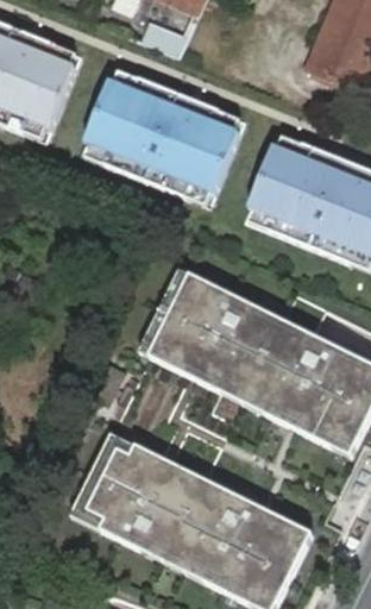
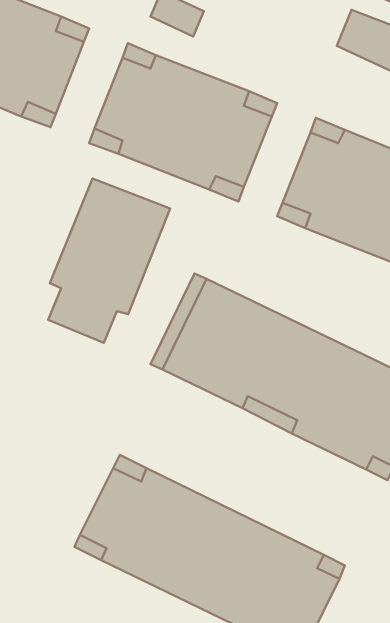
building: none -> [48,178,170,343]

